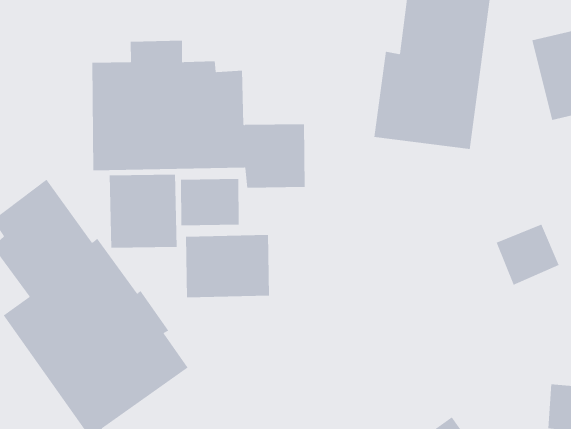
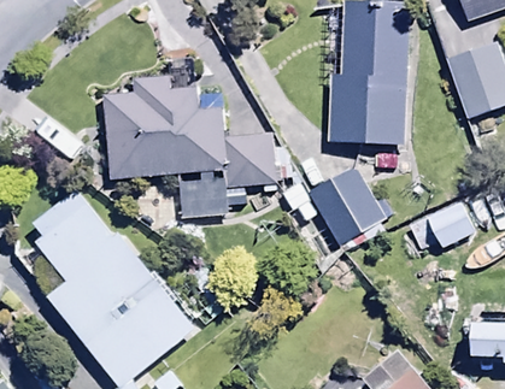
building: none -> [309,164,384,242]
building: [109,174,177,248] -> none
building: [185,234,269,298] -> none

